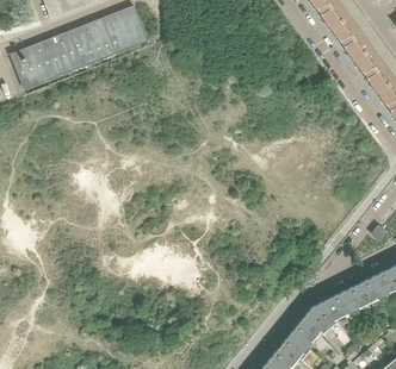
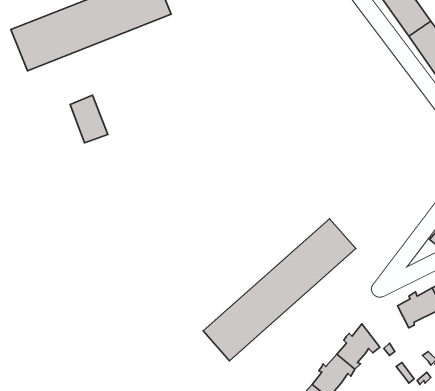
building: none -> [70,95,108,143]
building: none -> [203,219,356,361]
building: [313,290,353,326] -> none

